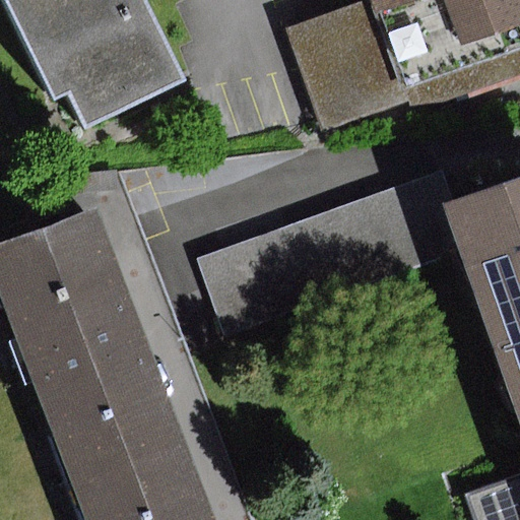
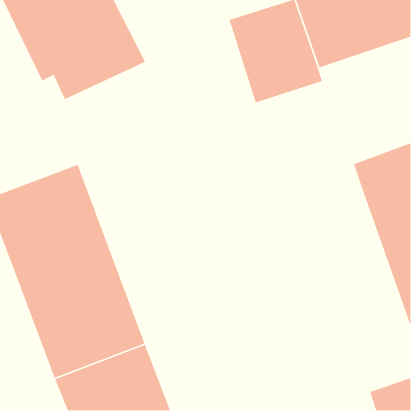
building: [196,178,457,333] -> none

